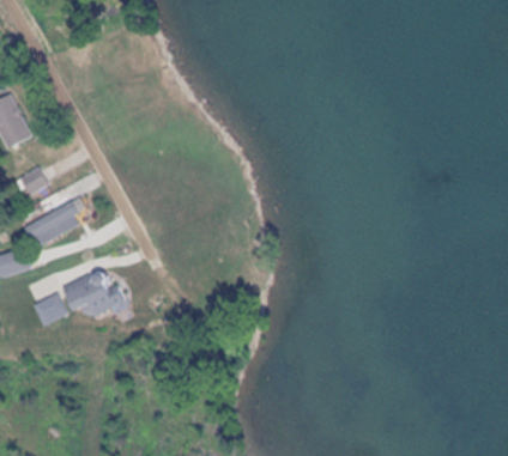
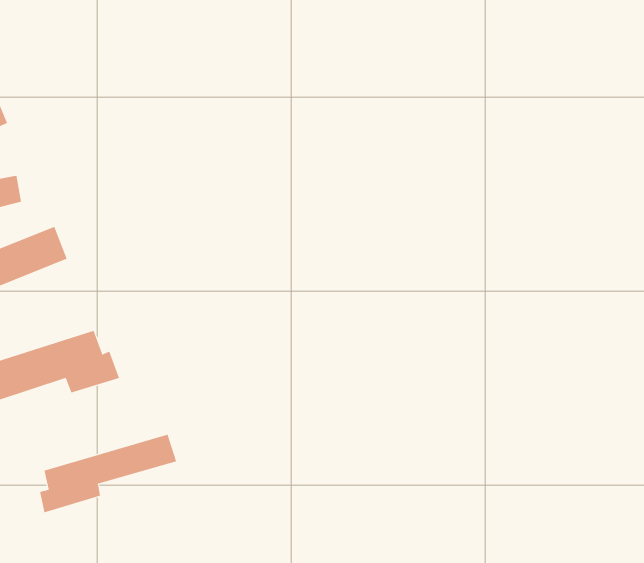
building: none -> [39,434,177,513]

